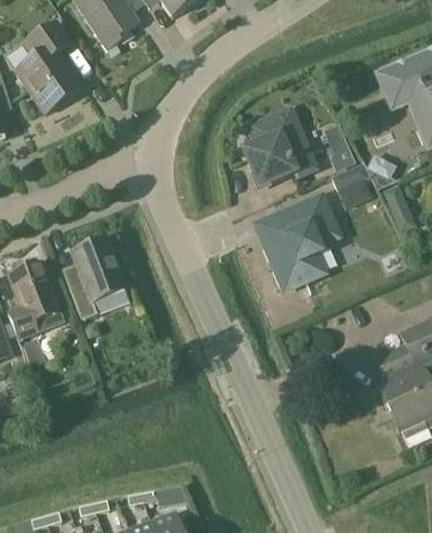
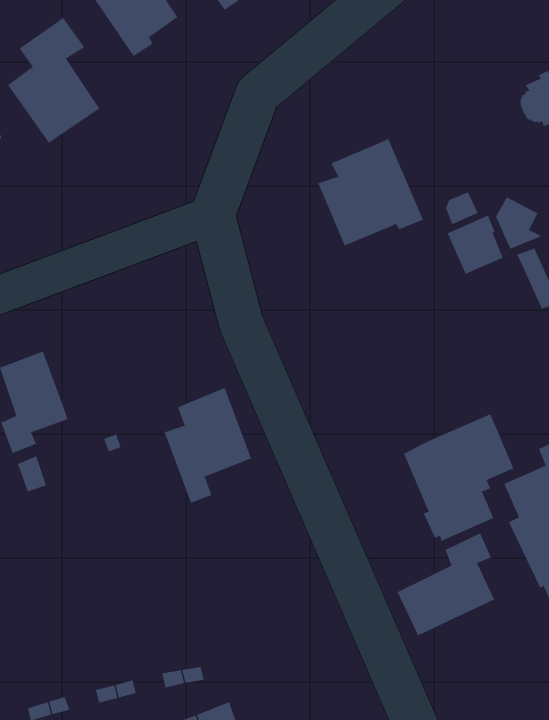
building: [257,195,337,287] -> [403,414,514,542]
building: [62,236,126,320] -> [164,387,252,503]
building: none -> [397,533,495,636]

